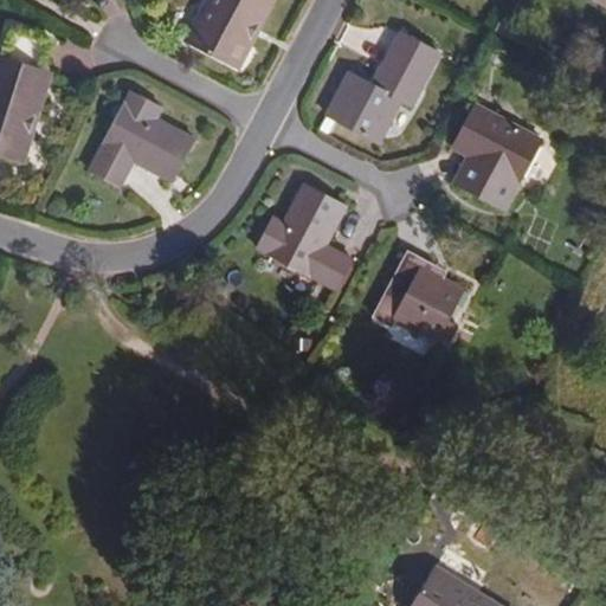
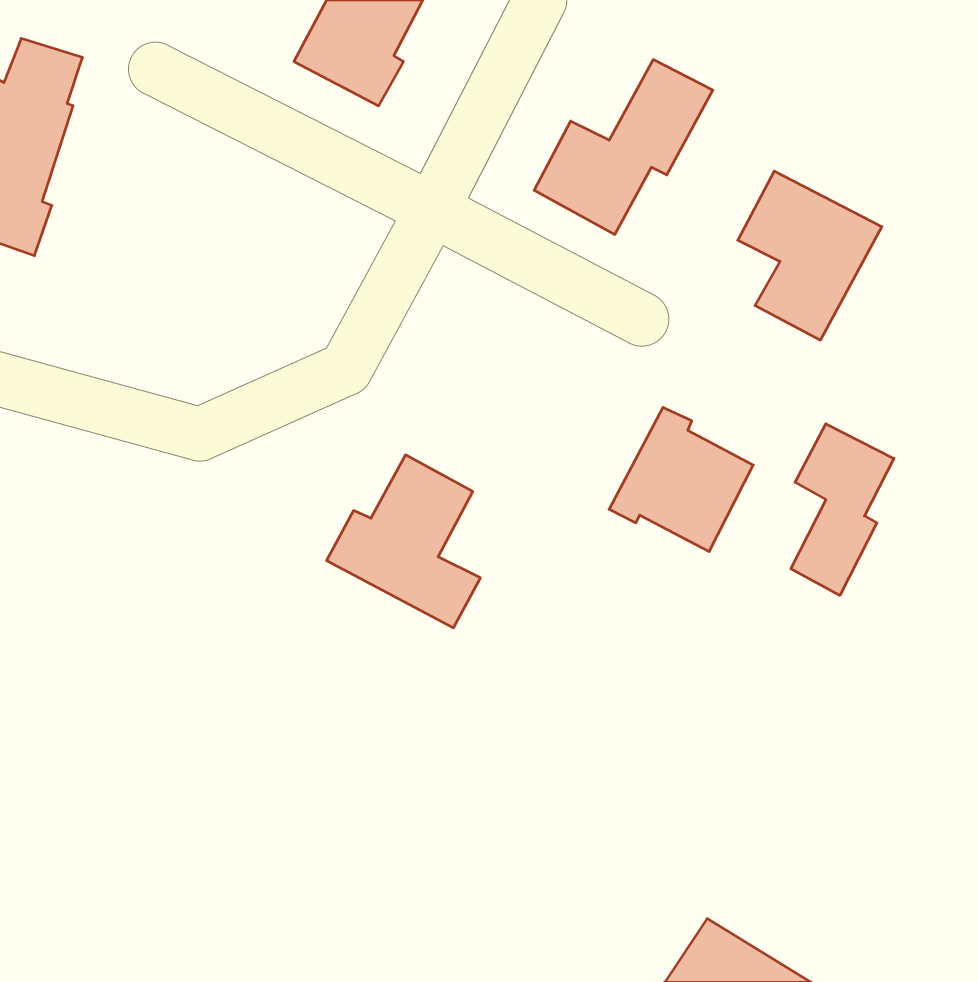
building: [90,89,196,182] -> none
building: [256,183,350,290] -> [327,455,480,628]
building: none -> [791,424,894,595]

